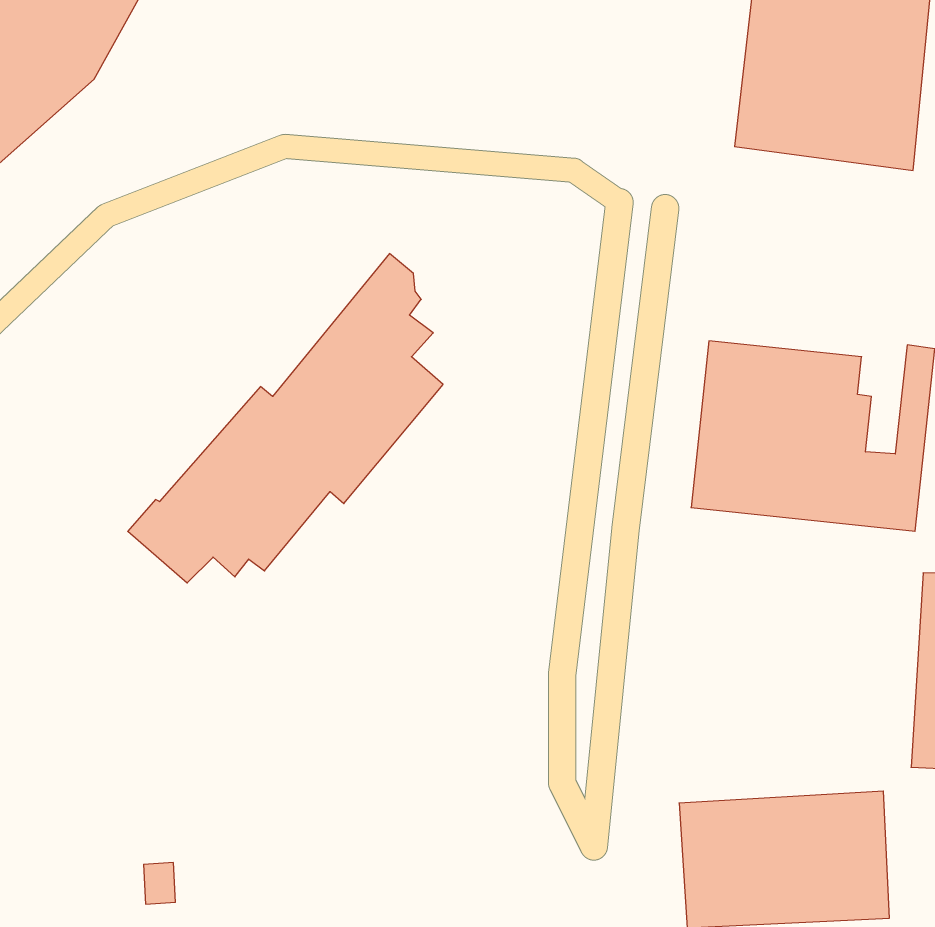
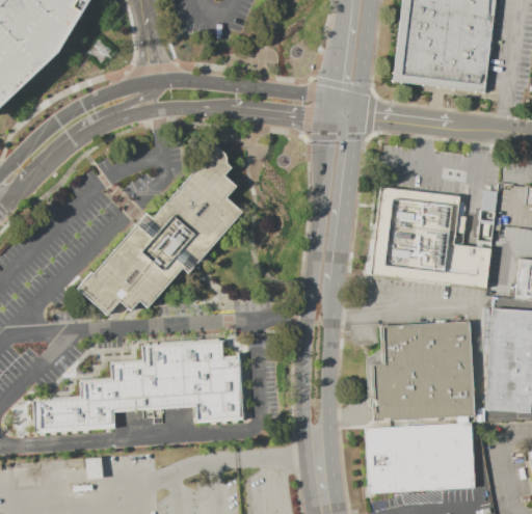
building: none -> [371,321,475,421]
building: none -> [33,341,243,433]

